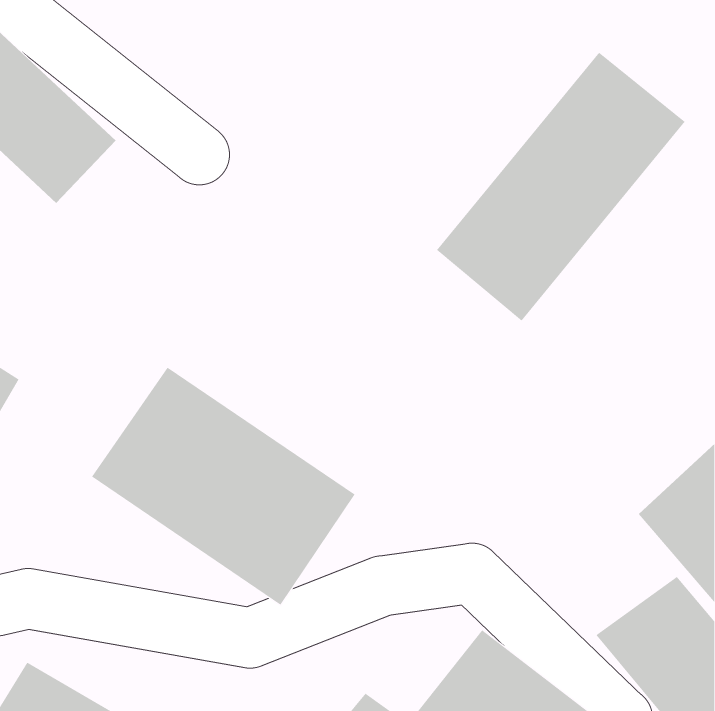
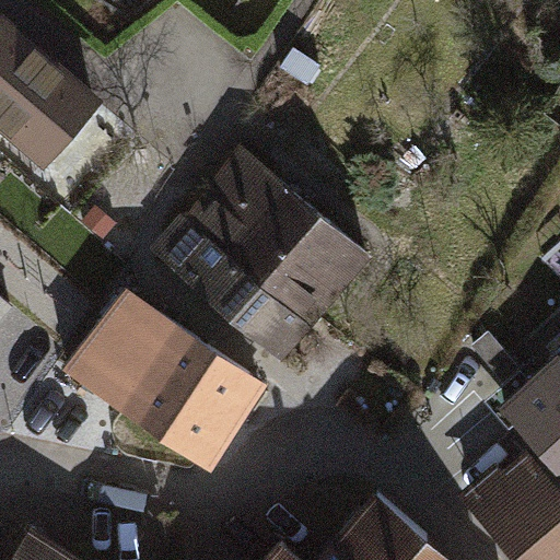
building: [436,52,686,322] -> none
building: none -> [155,156,363,359]

